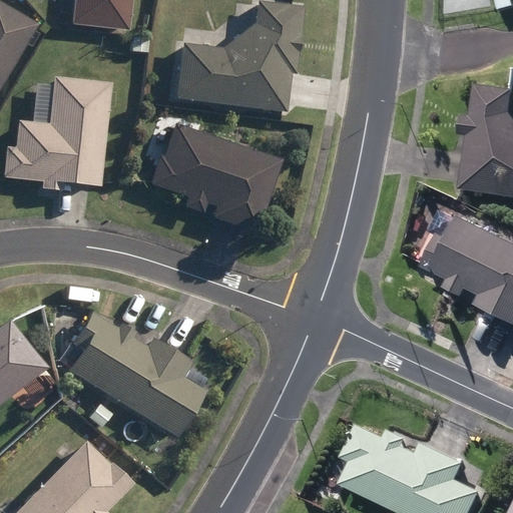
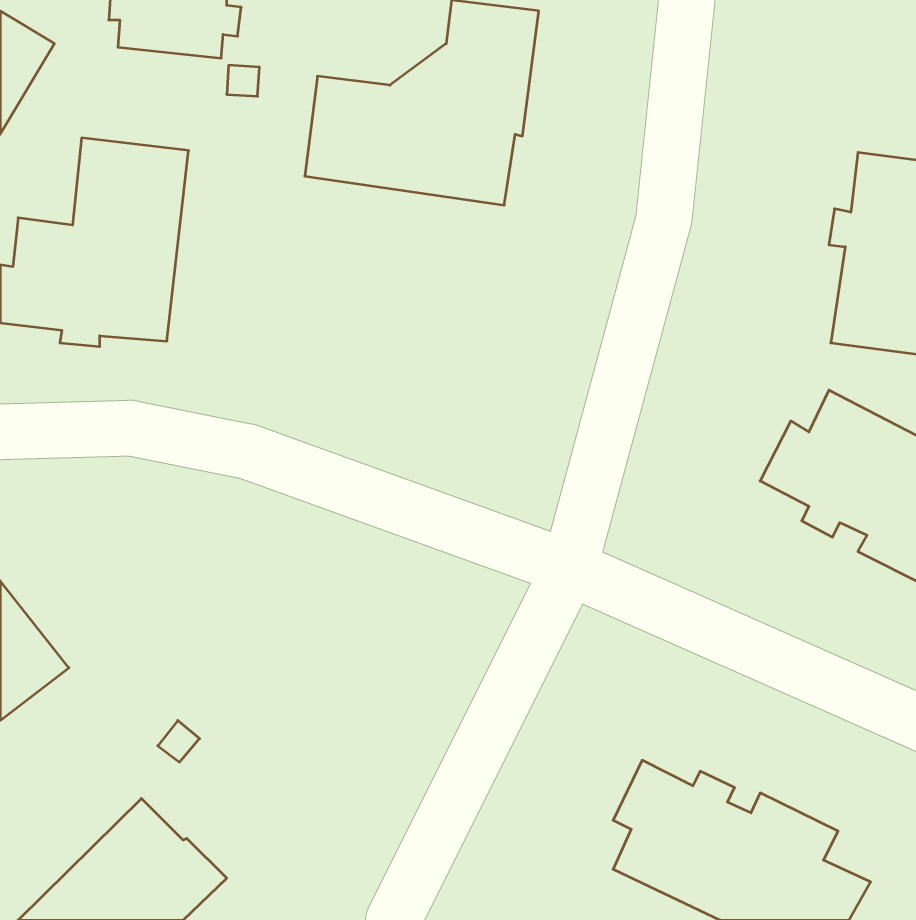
building: [148,123,281,232] -> none
building: [67,313,204,438] -> none

